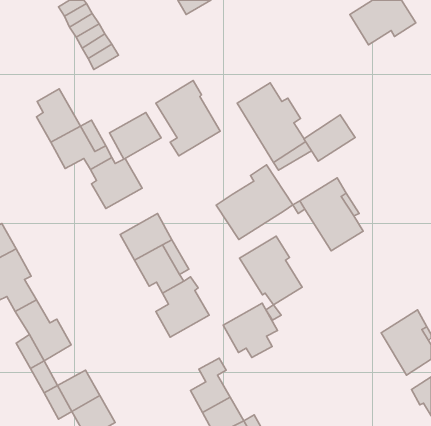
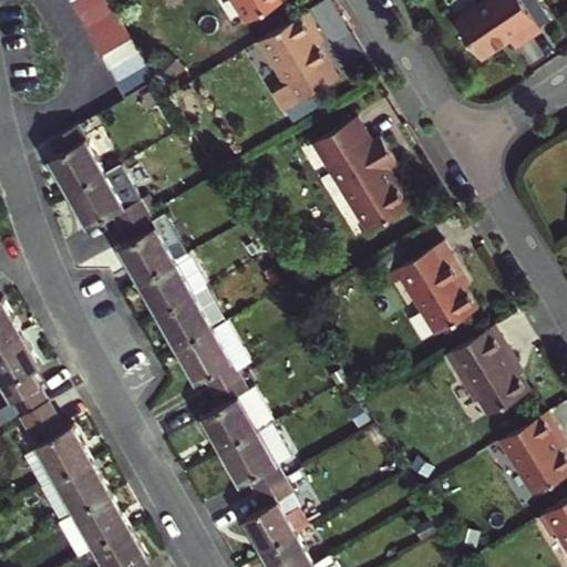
building: [156,80,220,156] -> [254,17,338,115]
building: [110,112,161,159] -> [138,255,206,316]
building: [304,115,355,161] -> none
building: [216,165,293,240] -> none
building: [240,236,302,305] -> [444,328,526,417]
building: [223,303,277,357] -> [223,421,293,492]
building: none -> [58,460,112,513]

